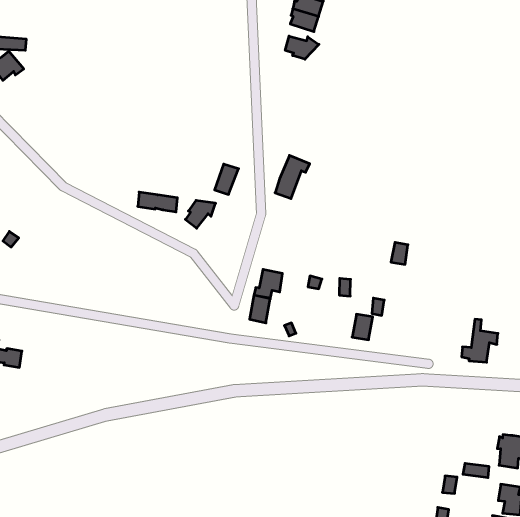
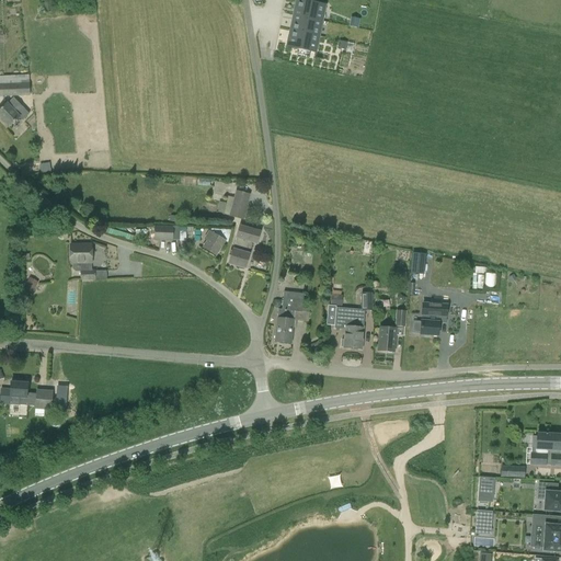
building: [285,36,319,59] -> none
building: [275,155,310,199] -> [229,225,261,267]
building: none -> [70,243,92,278]
building: none -> [335,314,364,348]
building: [462,319,498,362] -> [413,293,447,334]

